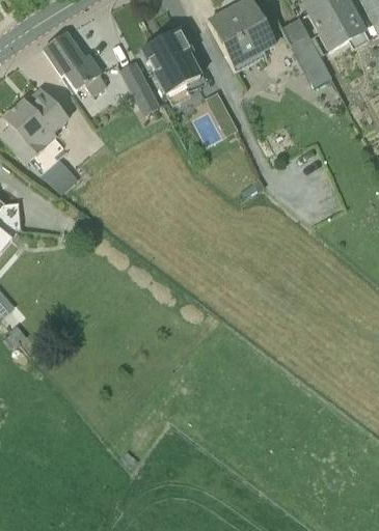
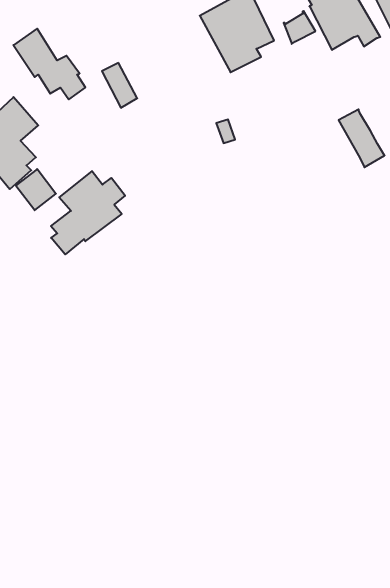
building: [142,28,204,94] -> none
building: [292,34,332,85] -> [339,109,385,167]
building: none -> [51,171,125,254]

